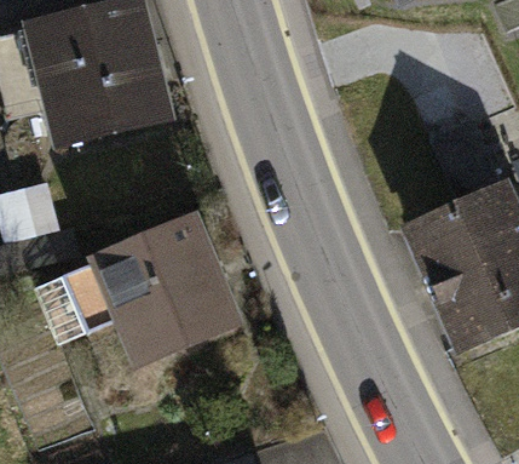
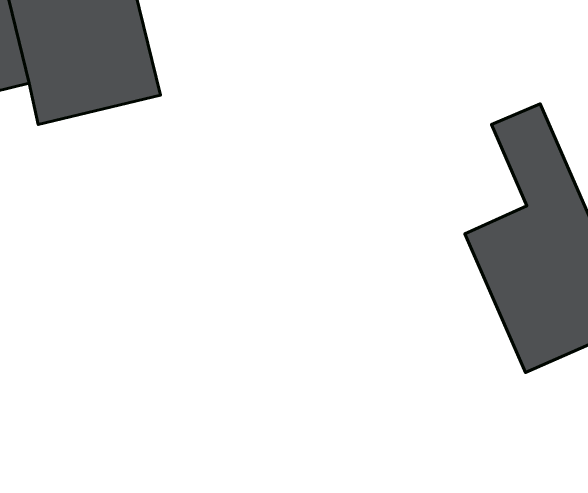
building: [42,224,238,362] -> none

